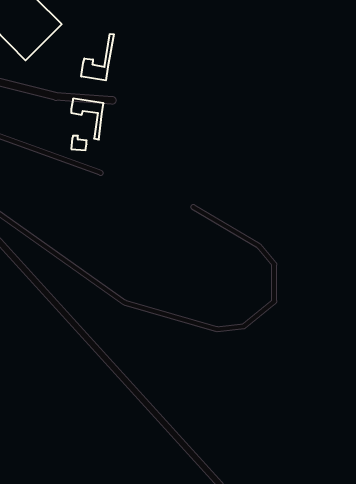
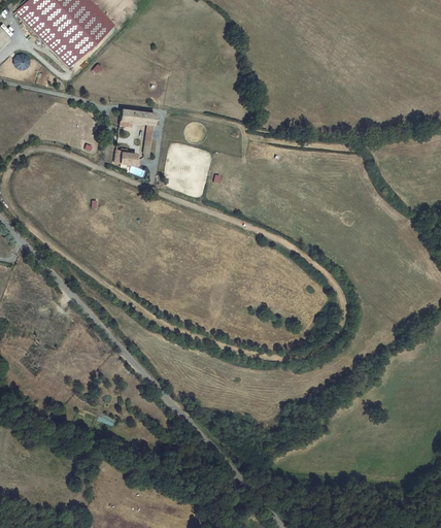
building: [81,34,114,80] -> none

